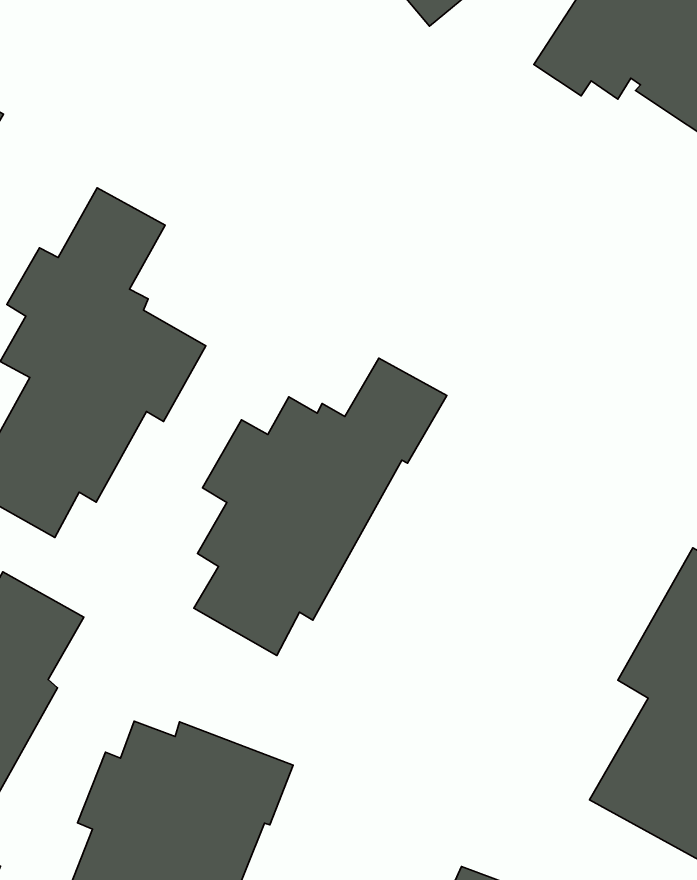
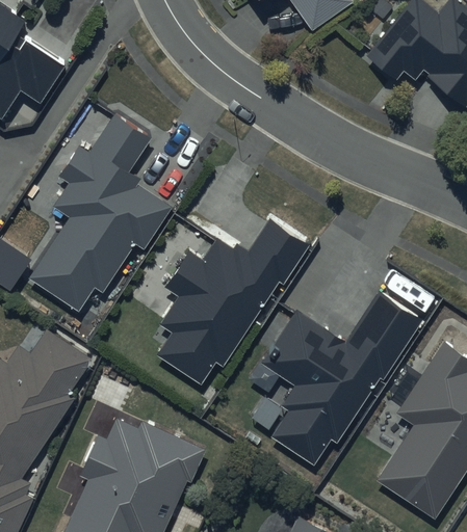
building: none -> [263,290,422,466]

